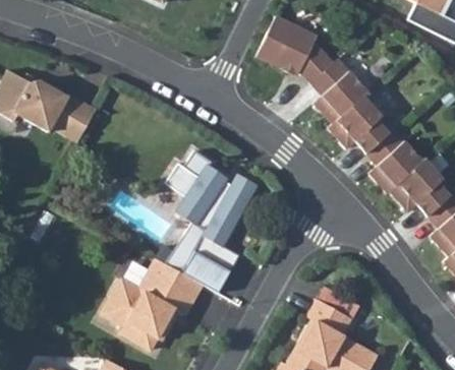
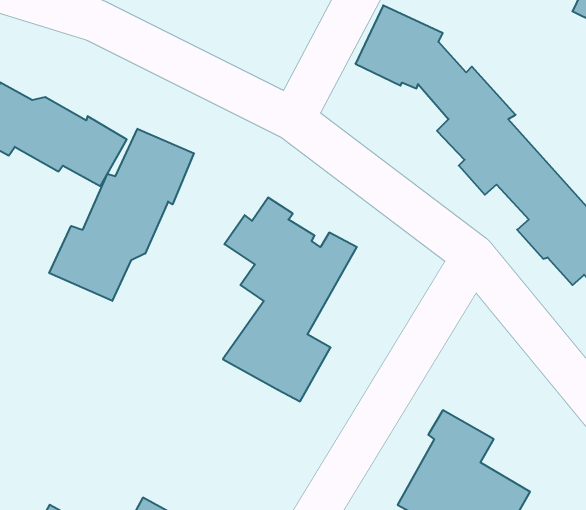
building: none -> [49,129,194,301]
building: [103,261,203,350] -> none

